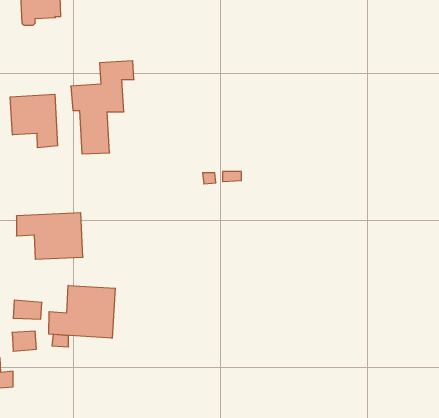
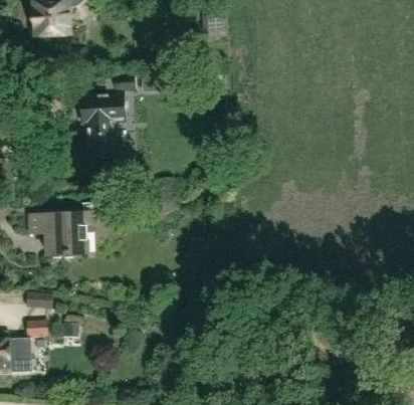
building: [10,94,58,148] -> none
building: [49,285,115,338] -> none

